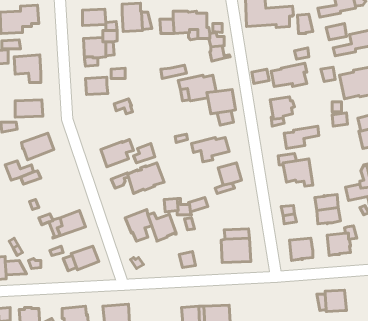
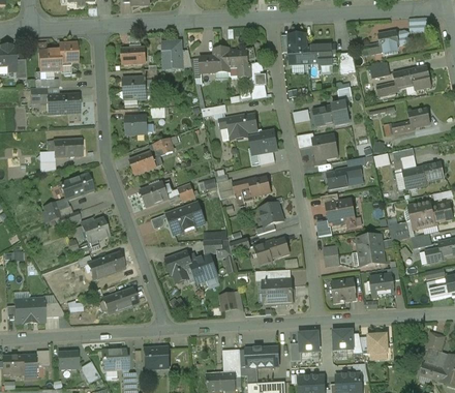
building: none -> [128,151,156,175]
building: none -> [80,217,109,251]
building: none -> [253,238,289,266]
building: none -> [332,329,354,351]
building: none -> [299,330,321,352]

